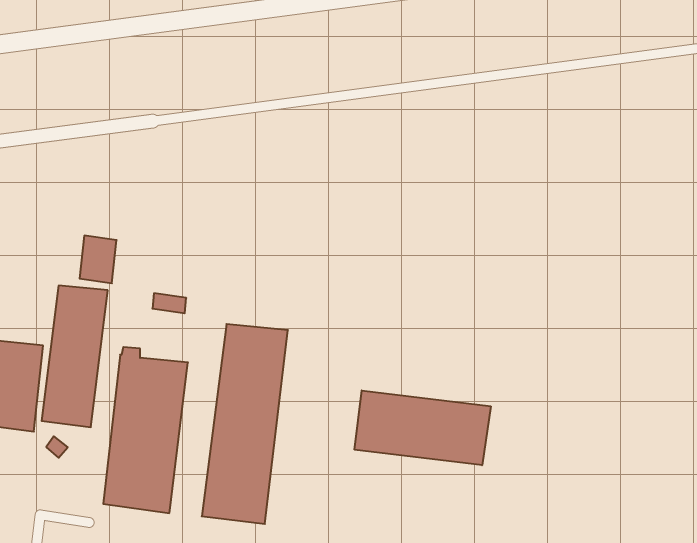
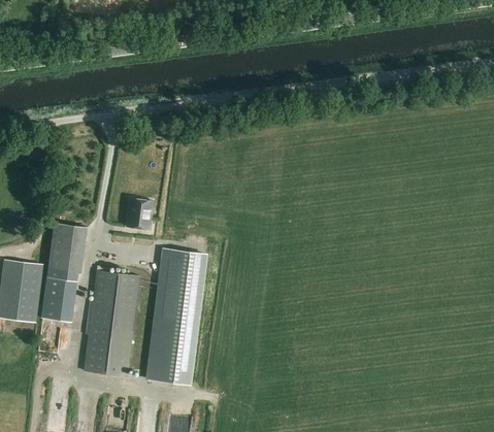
building: [80,236,117,283] -> [126,196,151,228]
building: [355,390,491,465] -> none

